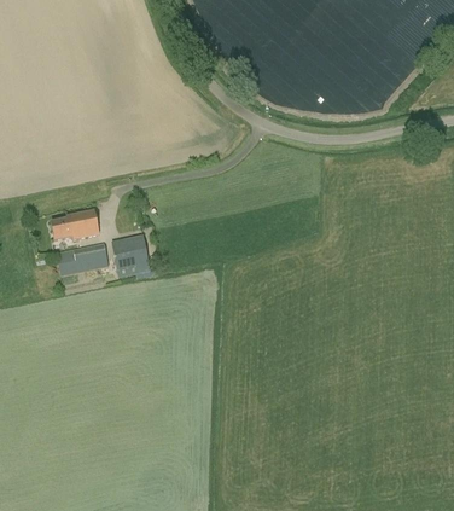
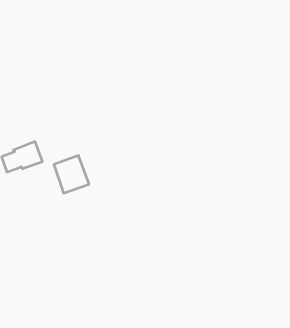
building: [57,243,109,275] -> none

